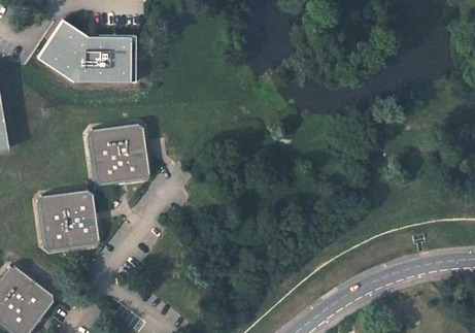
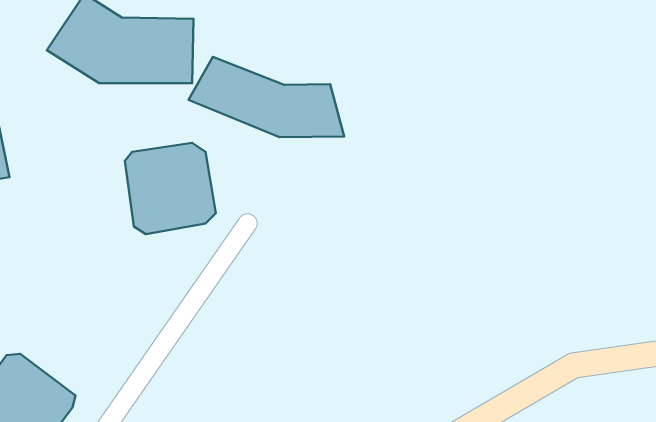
building: none -> [189,57,344,137]
building: [40,189,104,253] -> none

